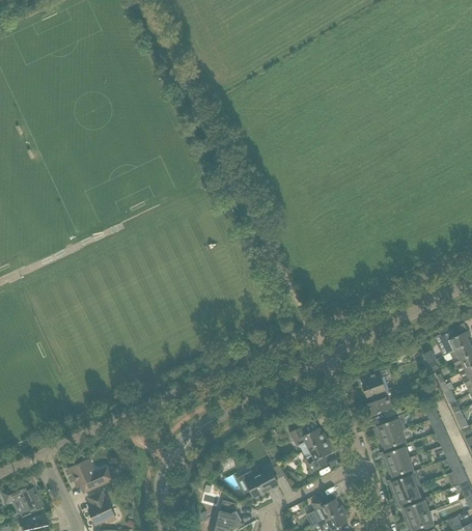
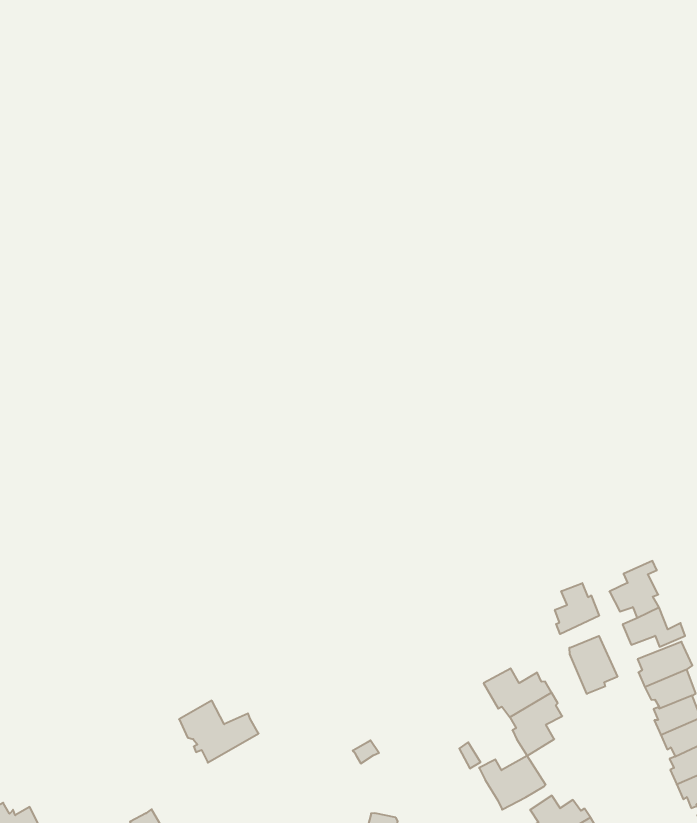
building: none -> [555,583,599,634]
building: none -> [569,636,617,694]
building: [70,459,113,494] -> [179,701,259,763]
building: [243,470,279,499] -> [479,756,546,810]

